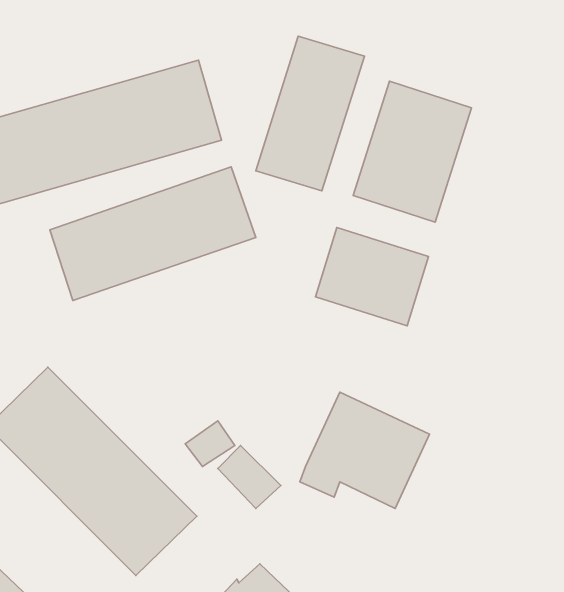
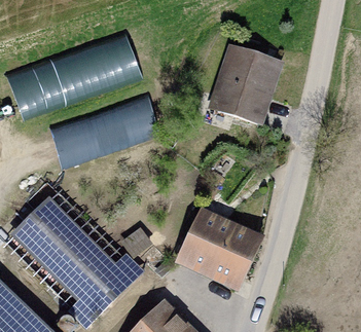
building: [256,36,364,191] -> none
building: [316,228,429,326] -> none

